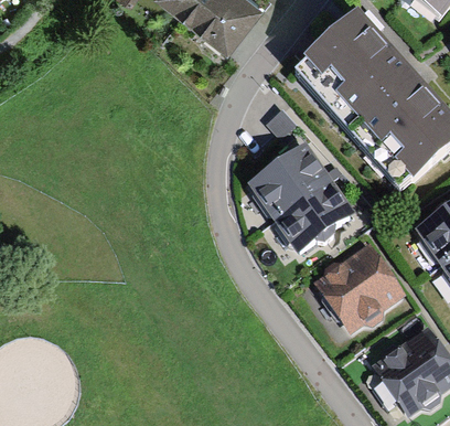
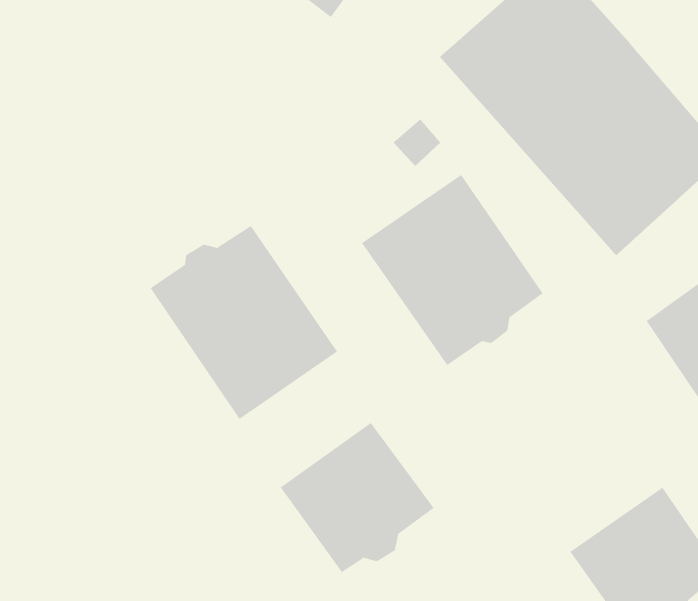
building: none -> [150,225,338,420]
building: [315,245,407,334] -> [280,422,434,573]

